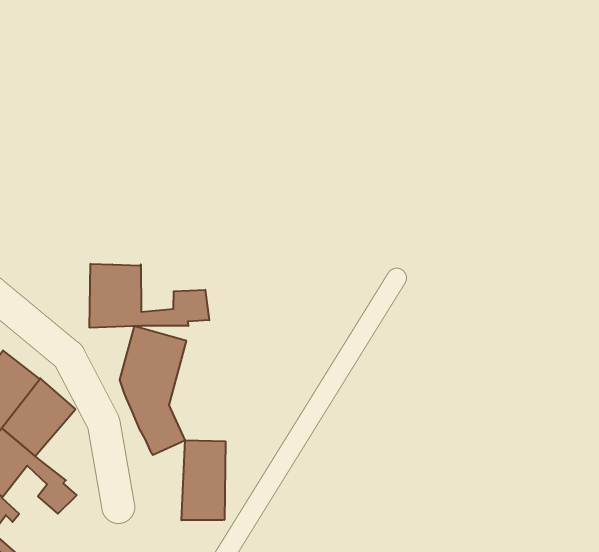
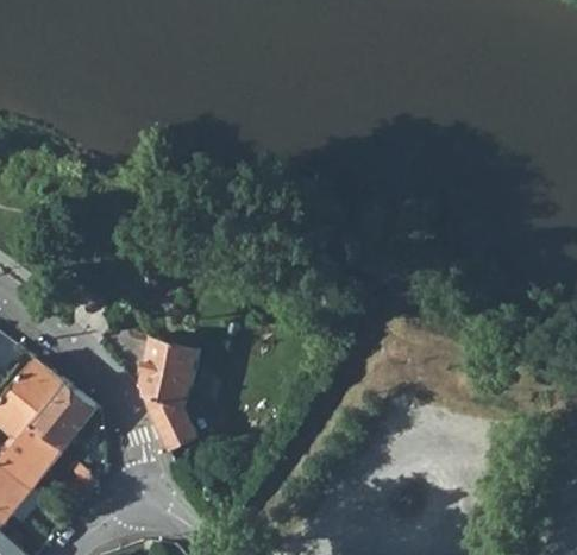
building: [90,264,209,328] -> none
building: [181,440,225,520] -> none

